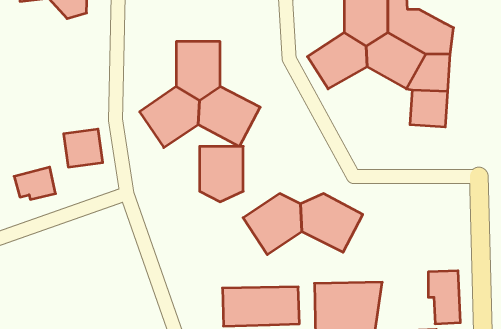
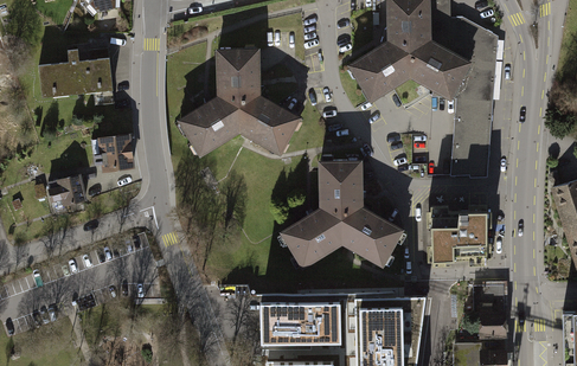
building: none -> [39,53,114,105]
building: none -> [451,134,491,176]
building: [200,146,243,202] -> [320,159,365,216]
building: none -> [430,210,486,259]

